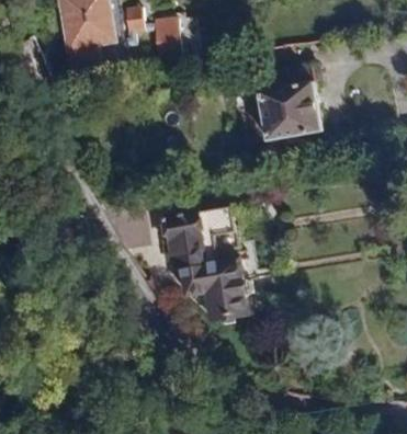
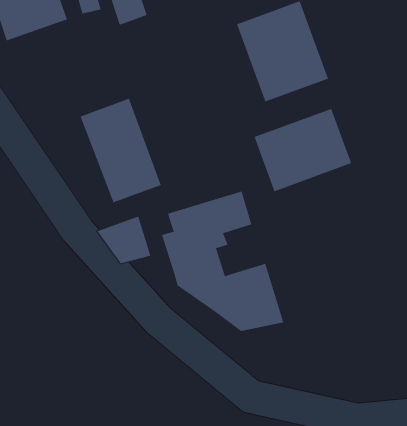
building: none -> [80,98,161,203]
building: none -> [254,108,352,192]

